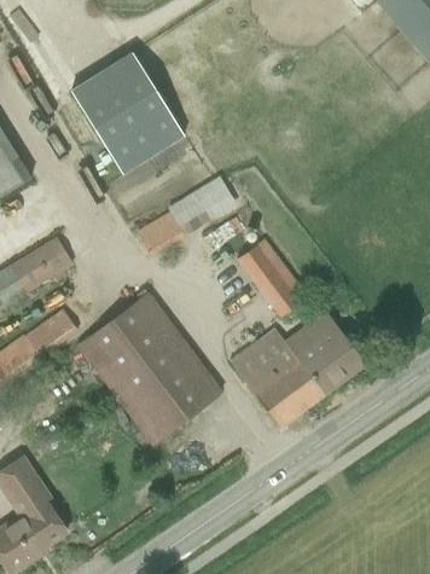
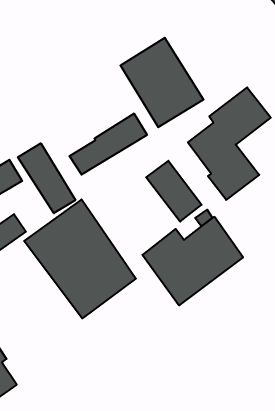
building: [75,51,184,168] -> [120,38,204,127]
building: none -> [188,87,271,200]
building: none -> [18,143,75,213]

